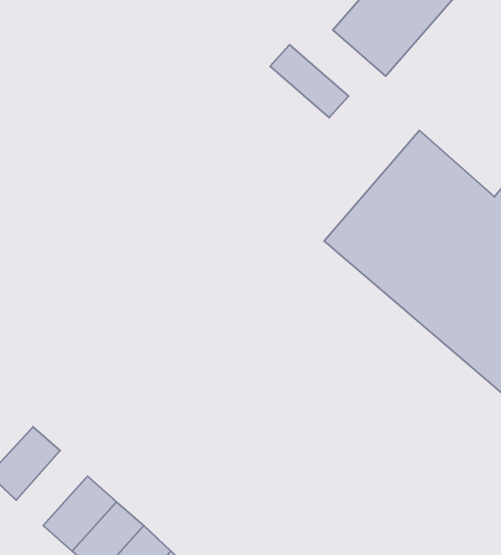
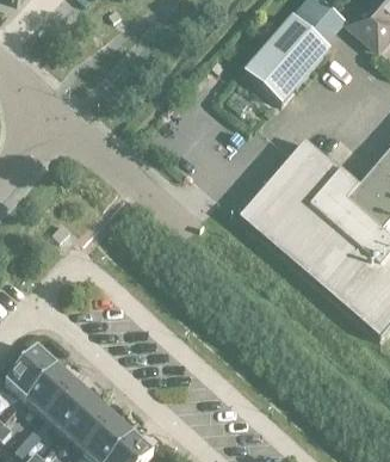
building: [270,45,349,118] -> none
building: none -> [24,359,74,412]

